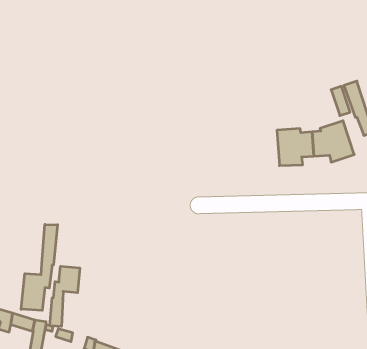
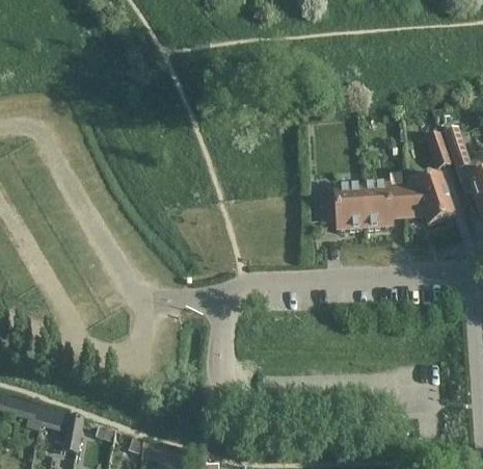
building: none -> [320,185,365,230]
building: [21,224,58,310] -> none
building: [50,266,80,326] -> none

